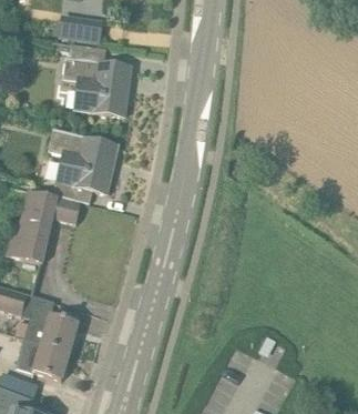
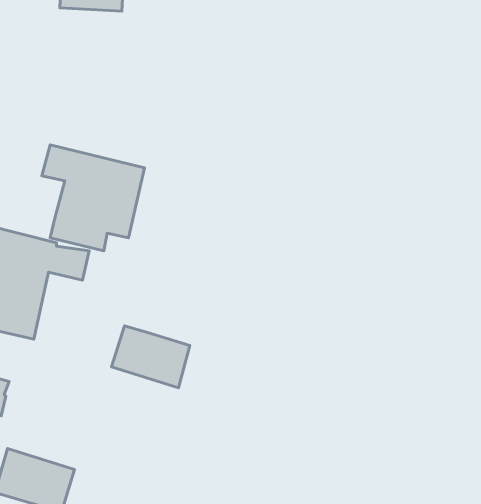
building: [62,43,131,115] -> none
building: [24,309,78,351] -> [112,326,190,388]

